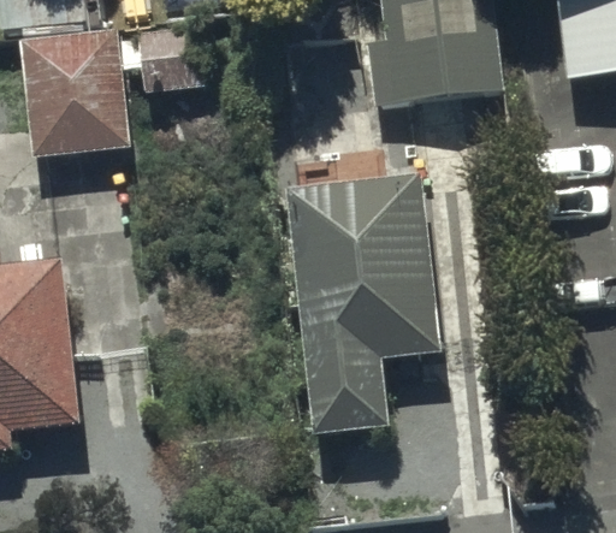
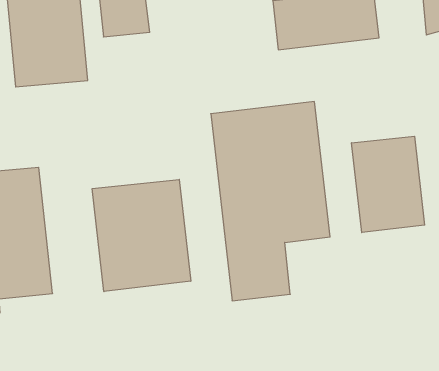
building: none -> [352,136,425,233]
building: none -> [92,179,191,292]

